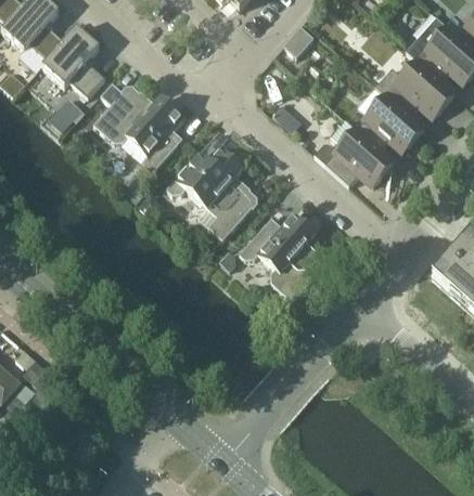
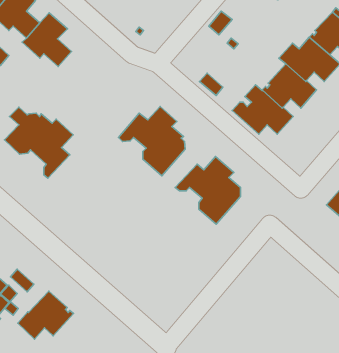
building: [93,81,182,173] -> [4,107,73,178]
building: [47,93,85,130] -> none
building: none -> [18,291,73,339]

